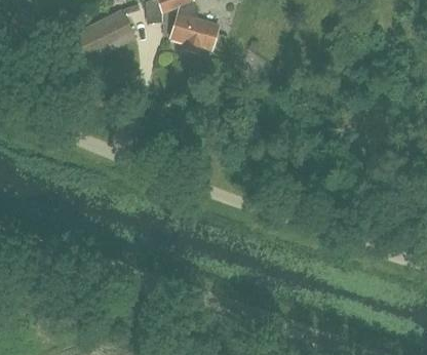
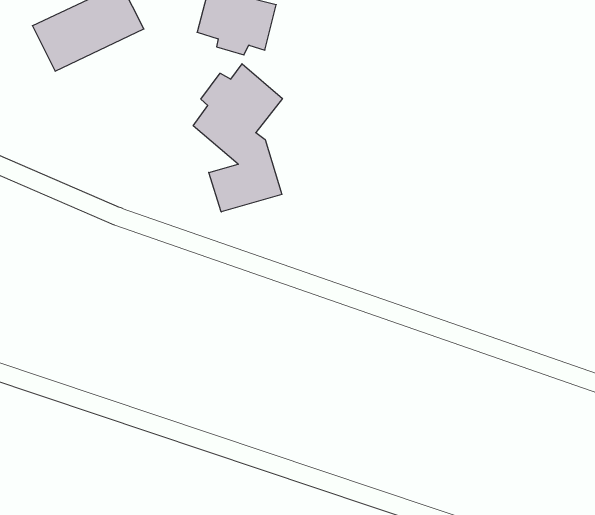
building: none -> [193,64,282,212]

